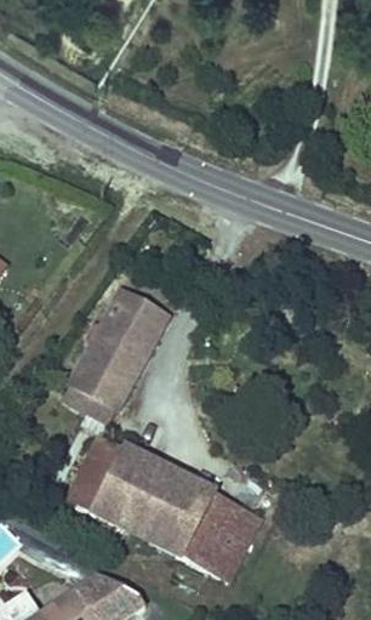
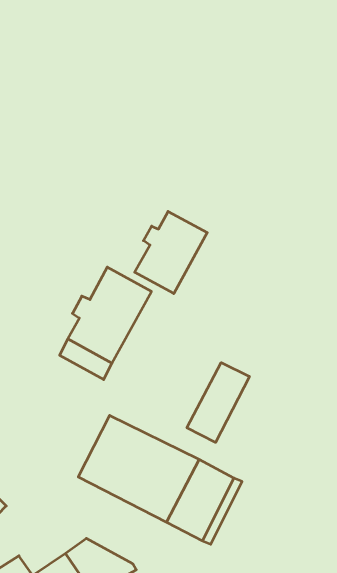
building: none -> [135,211,207,294]
building: none -> [187,363,249,442]
building: [67,436,122,511] -> none

